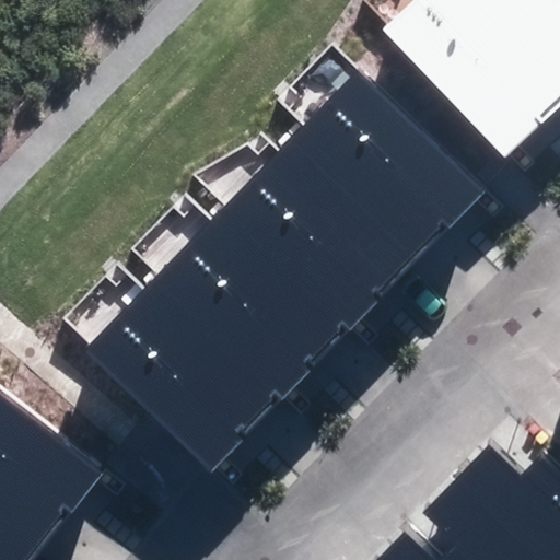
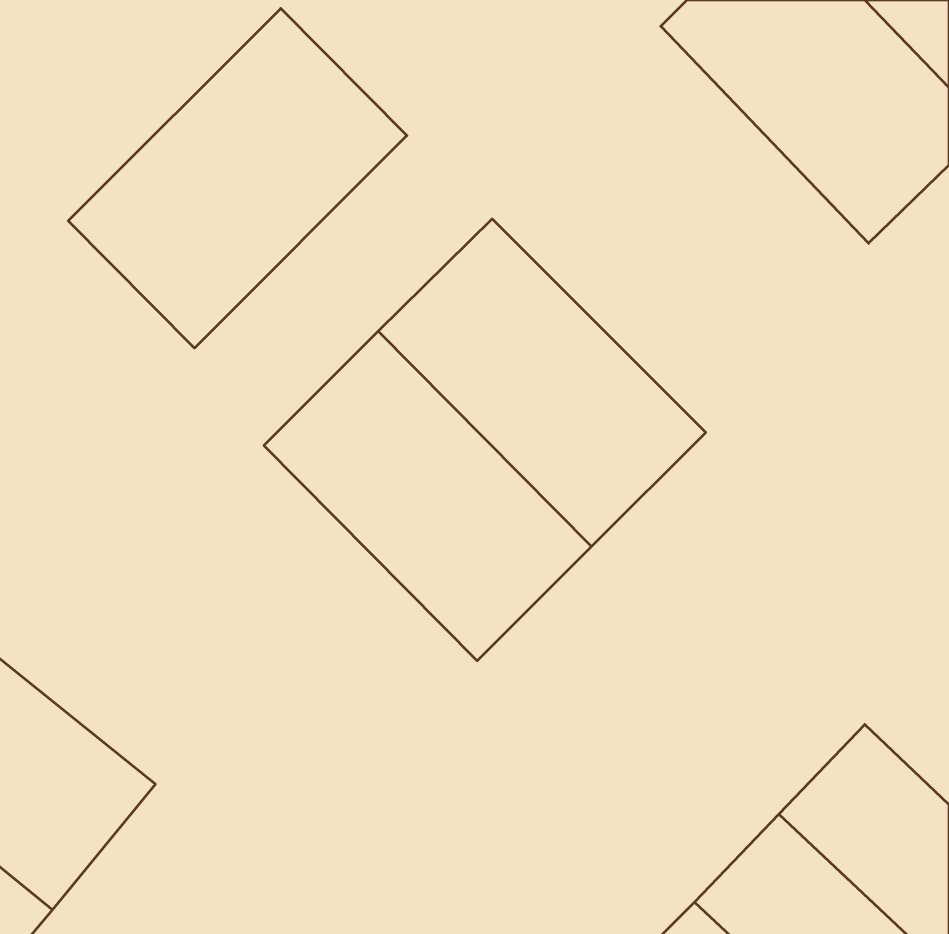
building: none -> [68,8,407,348]
building: [288,74,480,266] -> none
building: [86,273,279,465] -> none

